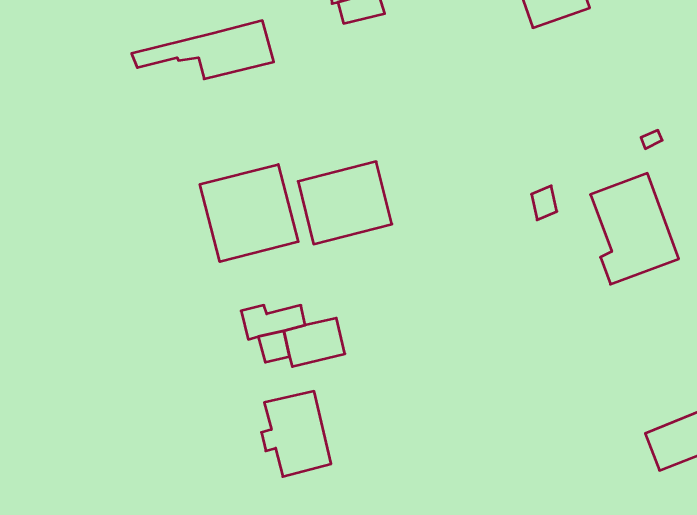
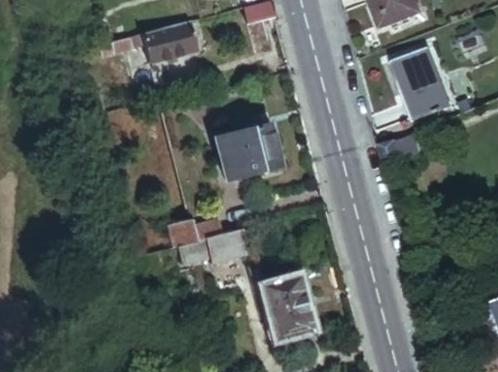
building: [200,164,298,262] -> none
building: [590,173,679,284] -> [389,44,451,122]
building: [261,391,331,477] -> [261,278,310,338]

